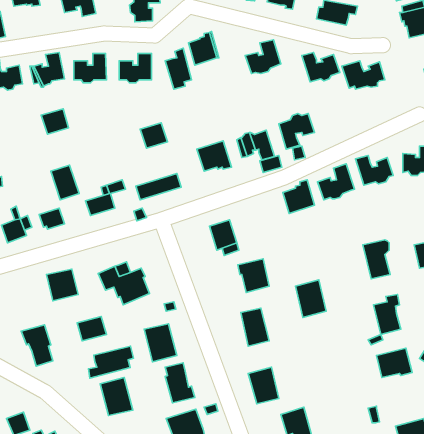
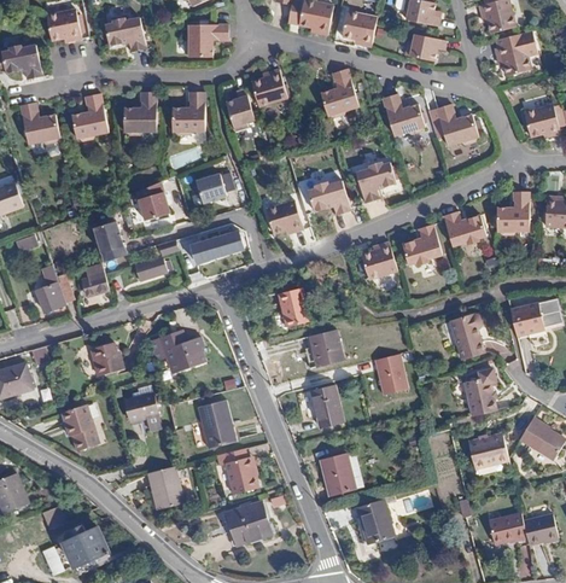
building: [41,109,69,134] -> [138,192,169,221]
building: [89,346,134,378] -> none

